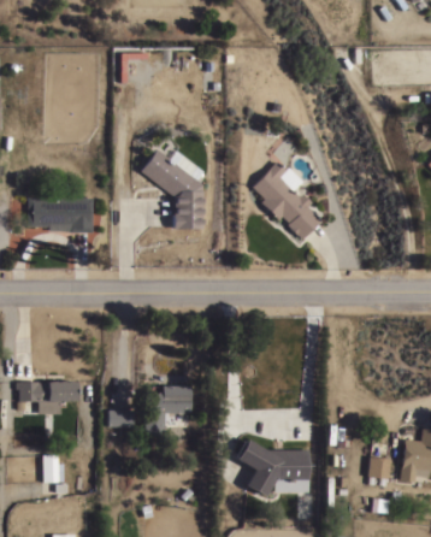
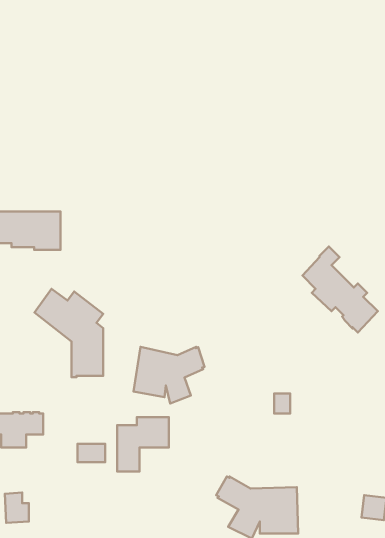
building: [140,148,202,229] -> [34,289,103,377]
building: [252,160,320,238] -> [302,247,378,332]
building: none -> [134,347,204,403]

